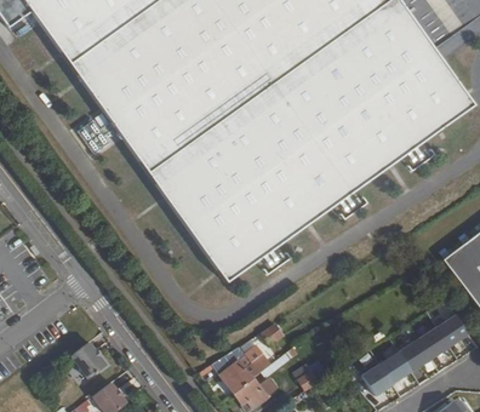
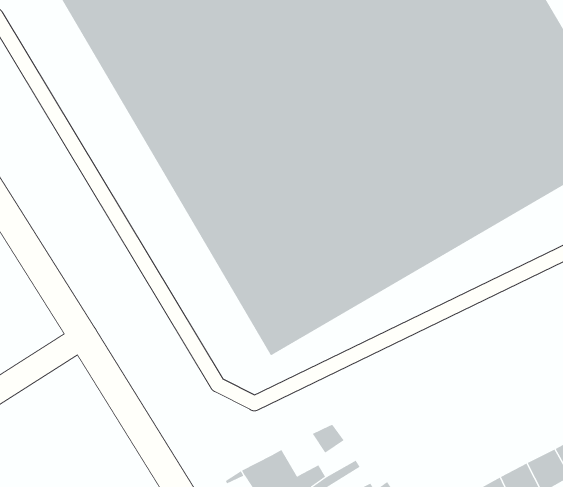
building: [72,341,105,377] -> none

